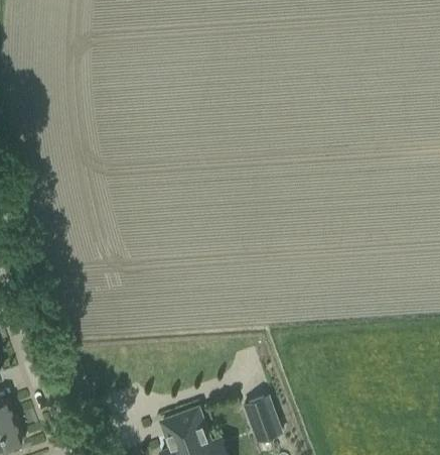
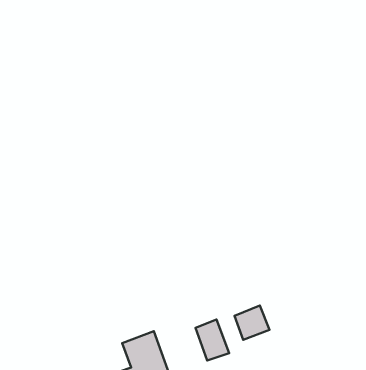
building: none -> [234,305,270,340]

